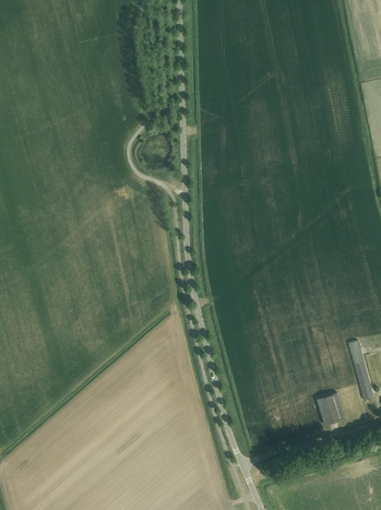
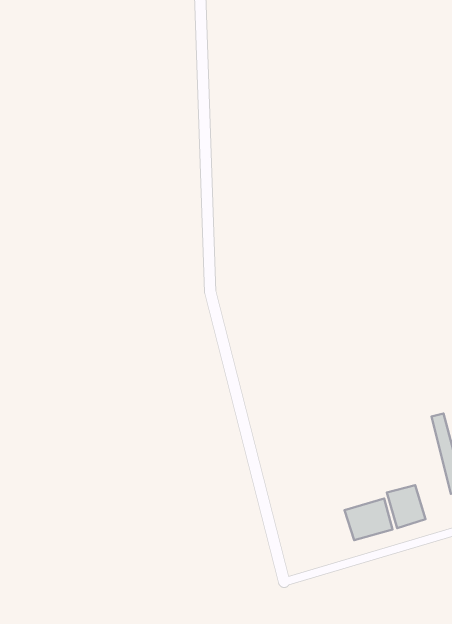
building: none -> [345,498,393,540]

